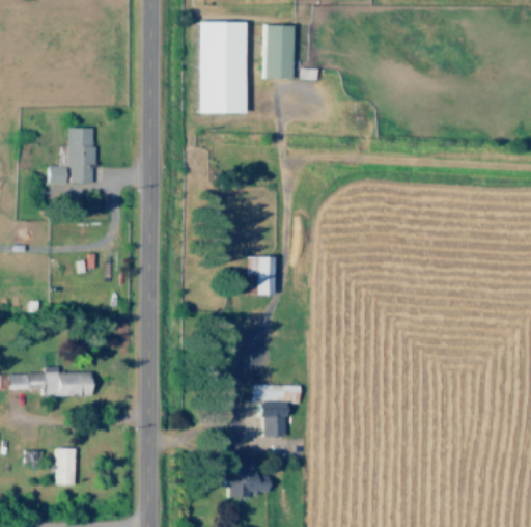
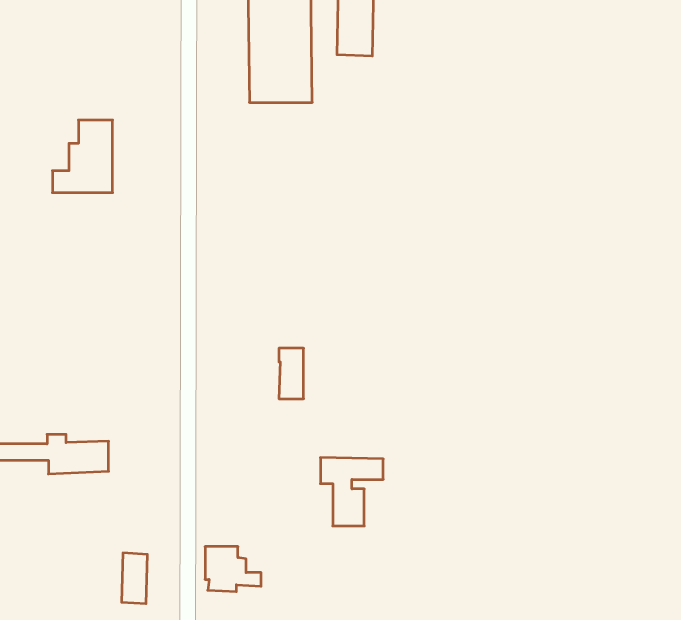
building: [256,255,275,294] -> [279,348,304,399]
building: [57,447,77,486] -> [122,553,147,604]
building: [227,463,270,497] -> [205,547,261,592]

